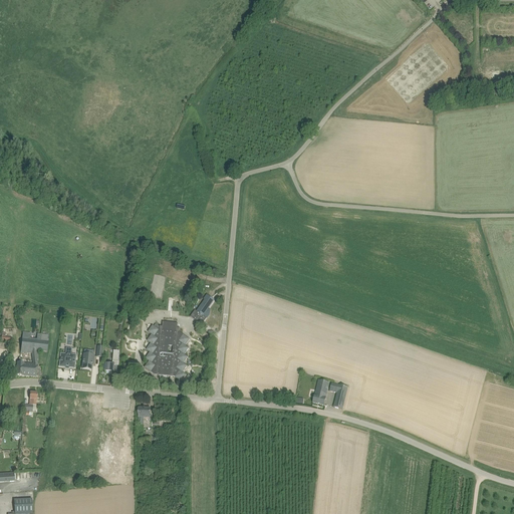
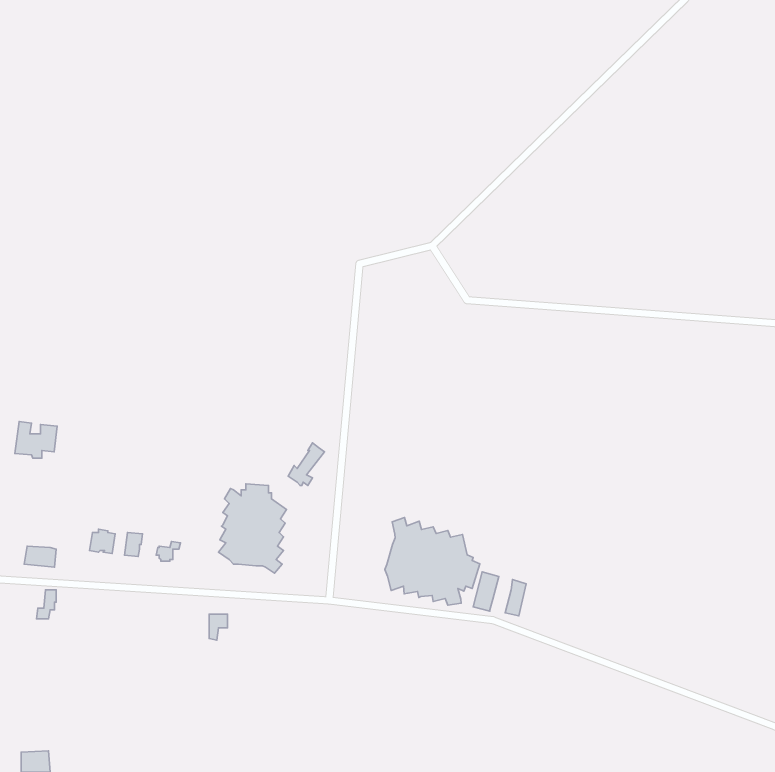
building: [20,330,48,354] -> [15,422,57,458]
building: none -> [385,517,480,605]

